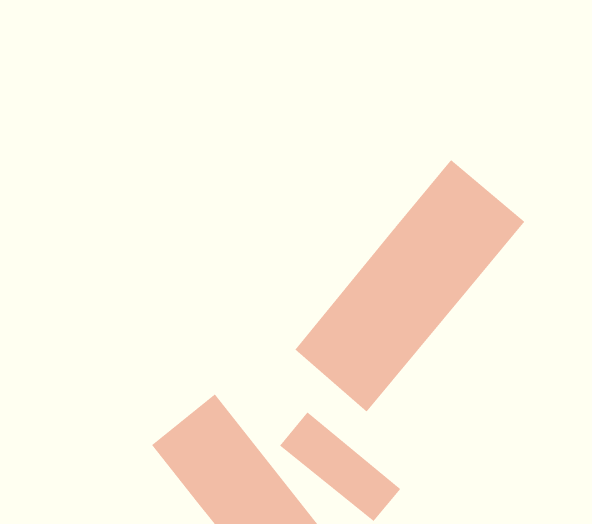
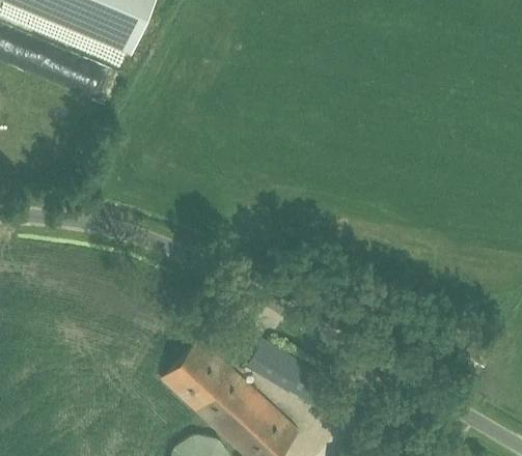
building: [294,159,525,412] -> none

